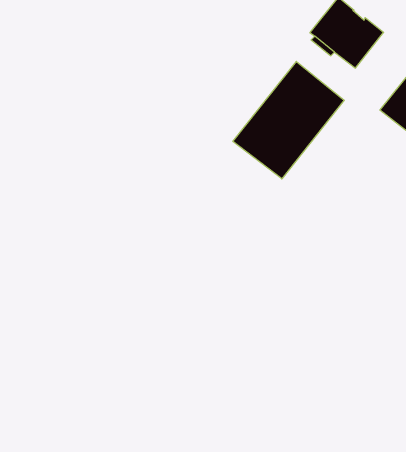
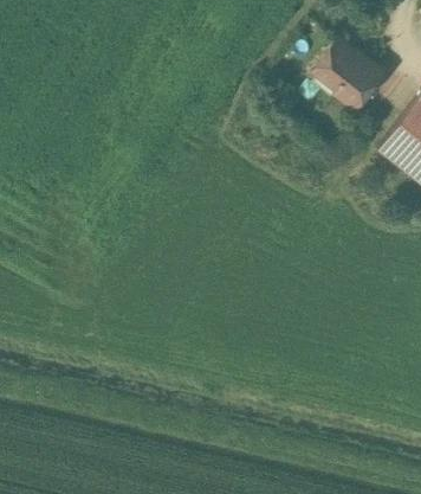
building: [233,61,344,179] -> none

